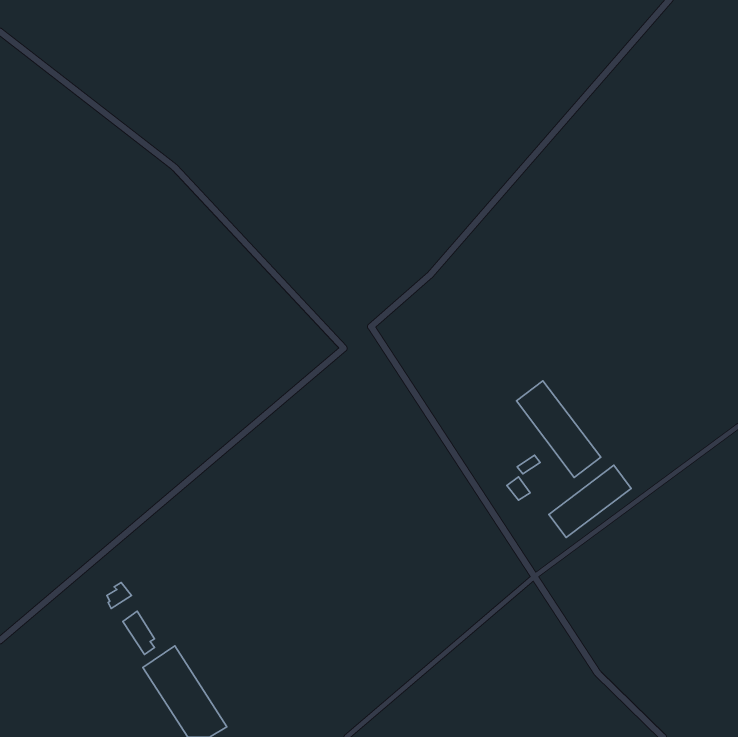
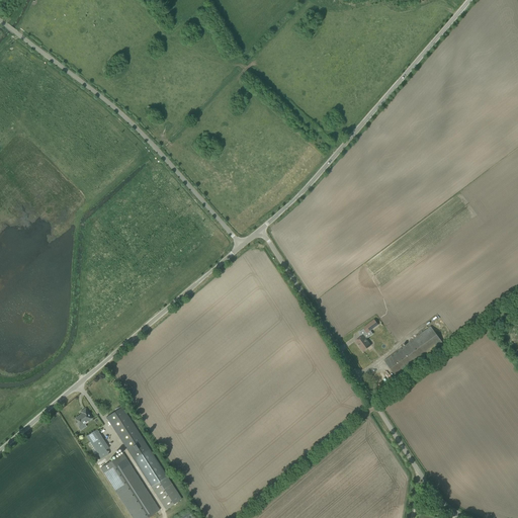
building: [516,381,601,478] -> none
building: none -> [106,406,181,508]

